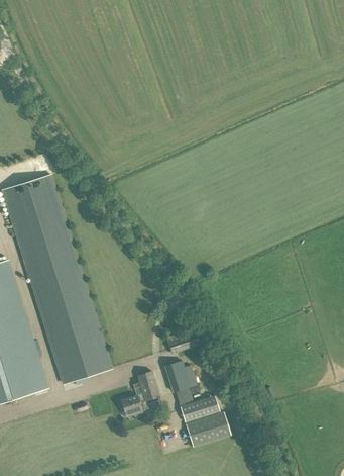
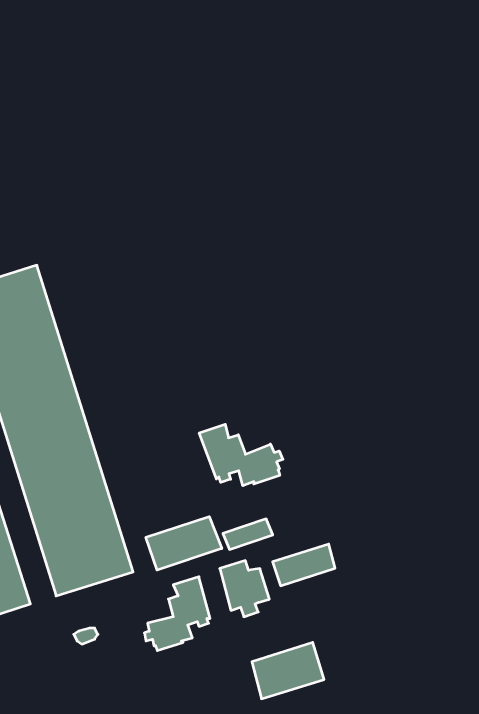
building: none -> [199,424,283,486]
building: none -> [146,517,222,570]
building: [180,396,219,422] -> [273,544,335,586]

